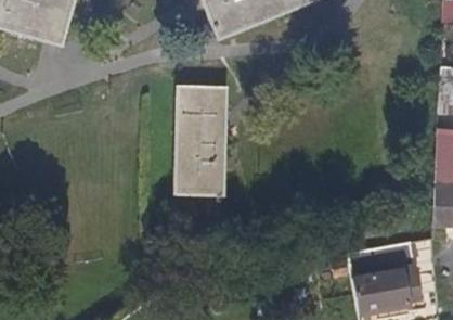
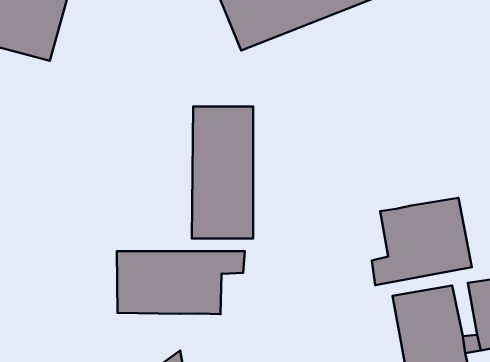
building: none -> [372,198,472,285]
building: none -> [117,251,245,314]

